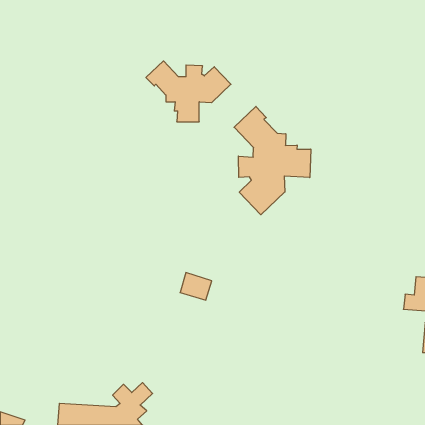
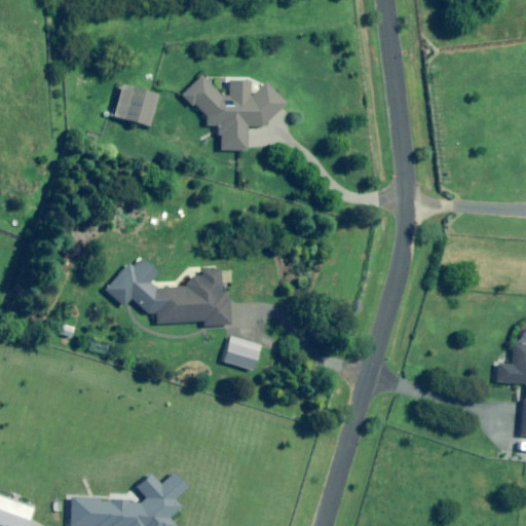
building: none -> [112,84,157,125]
building: [234,106,311,215] -> none
building: none -> [106,257,230,326]

